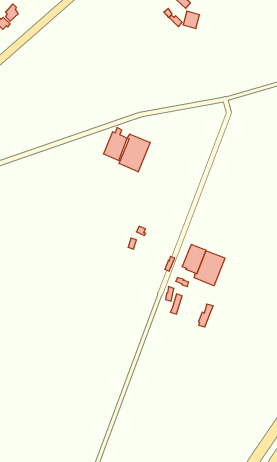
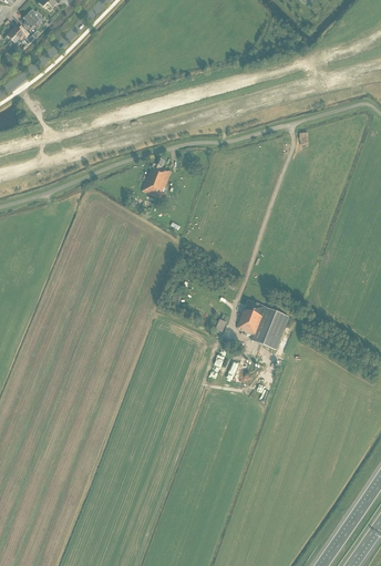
building: [119,134,150,172] -> none

